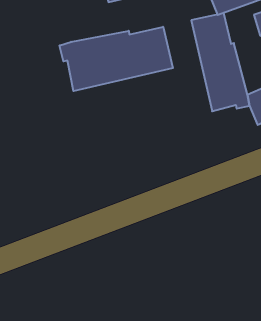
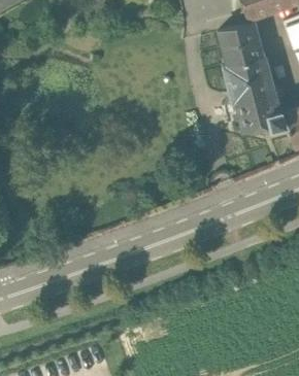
building: [60,27,173,91] -> none

